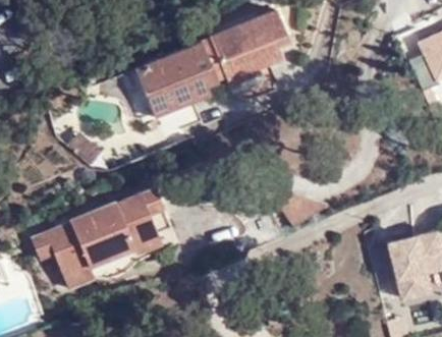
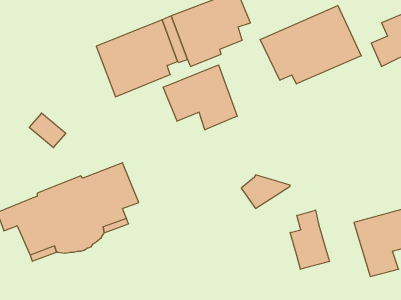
building: none -> [260,5,361,84]
building: none -> [163,65,237,130]
building: none -> [290,210,330,269]

